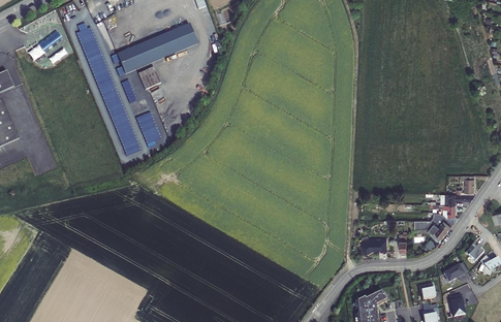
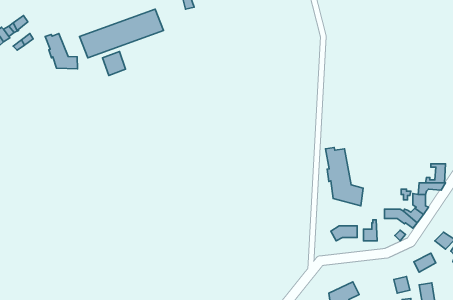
building: none -> [45,34,78,69]
building: none -> [325,148,363,206]

